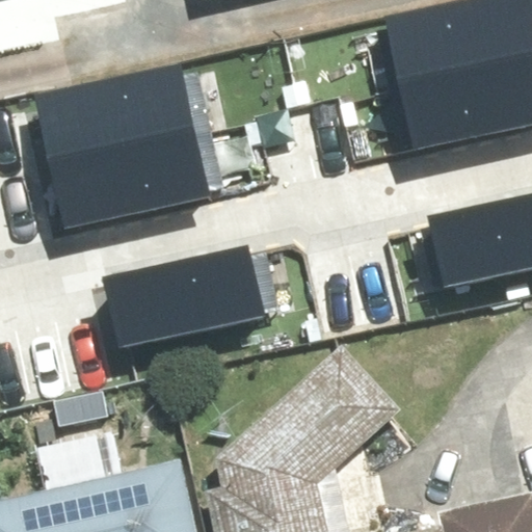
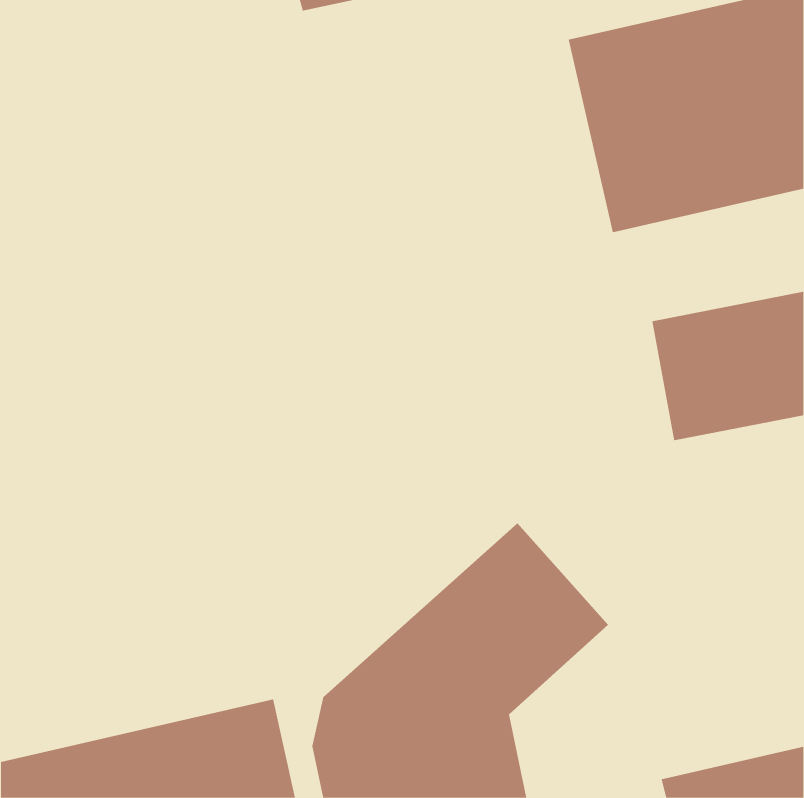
building: [50,70,239,235] -> none
building: [121,246,297,357] -> none

